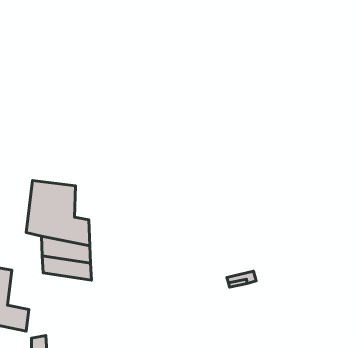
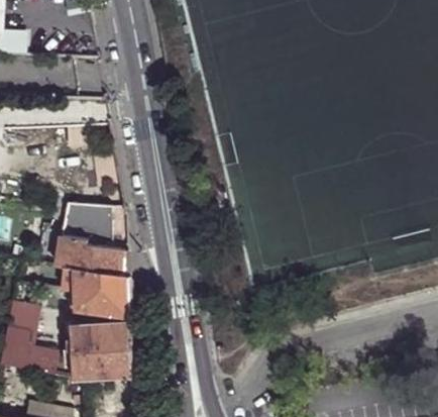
building: none -> [73,322,131,378]

